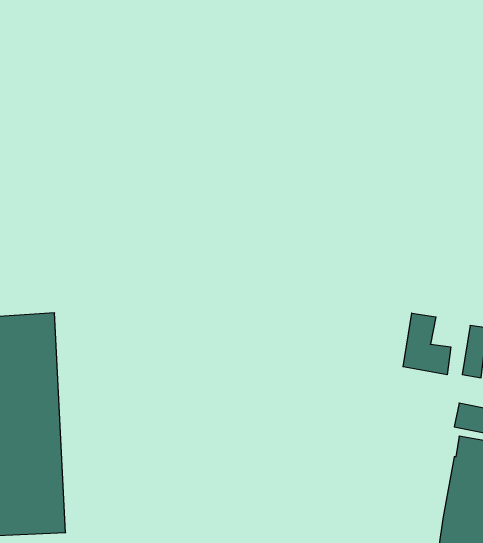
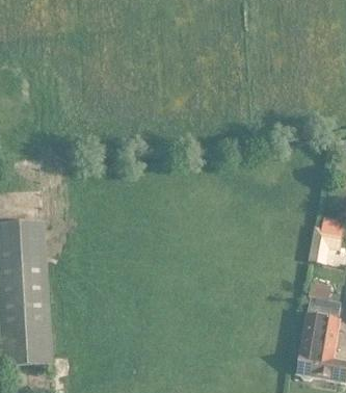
building: [403,313,451,375] -> none

